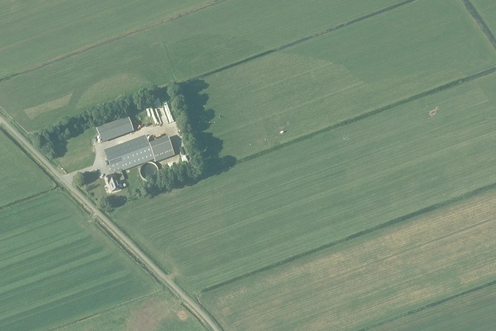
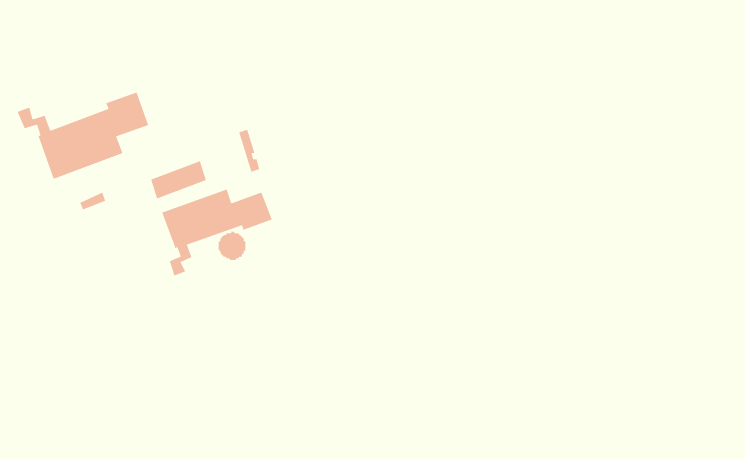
building: none -> [16,91,149,180]

